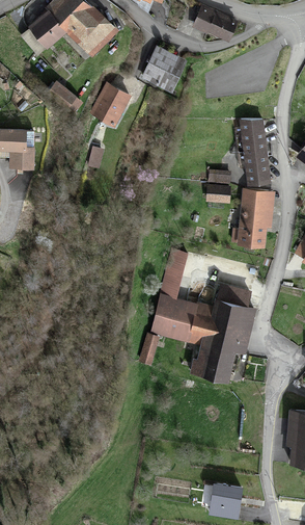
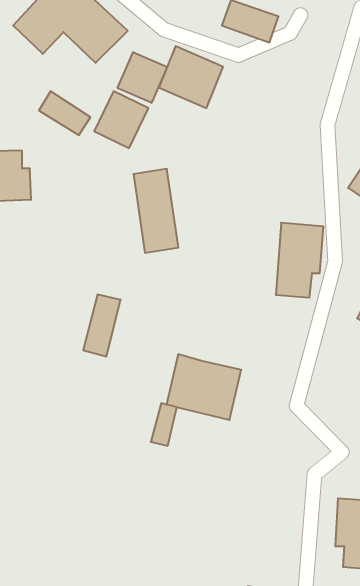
building: none -> [118,52,167,103]
building: [238,116,274,184] -> [133,169,178,253]
building: [204,167,231,202] -> none
building: [158,247,188,297] -> [83,295,121,356]
building: [193,281,256,380] -> none

